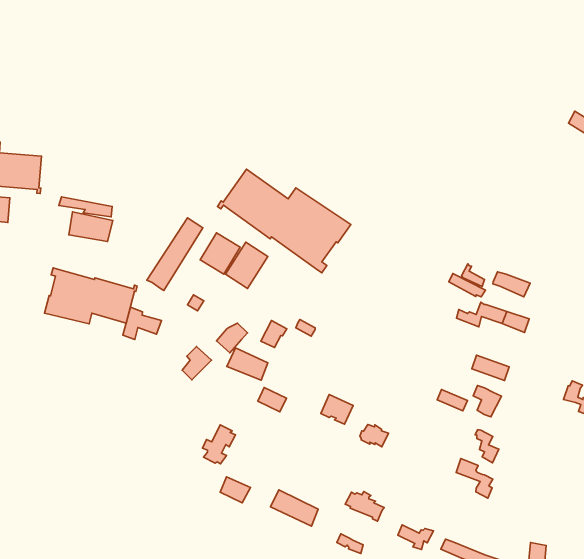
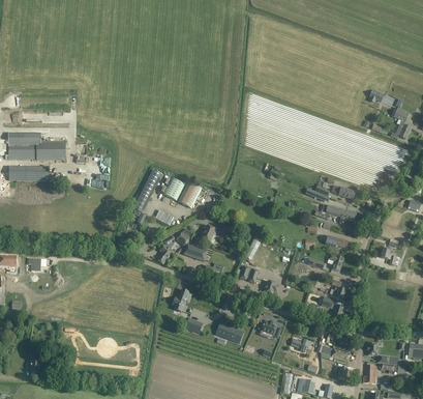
building: [217,169,351,273] -> none
building: [44,268,137,324] -> none

